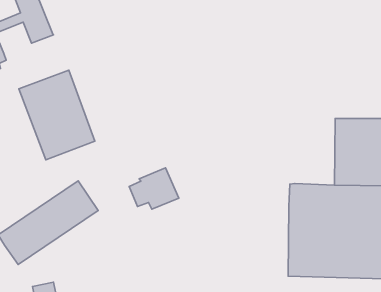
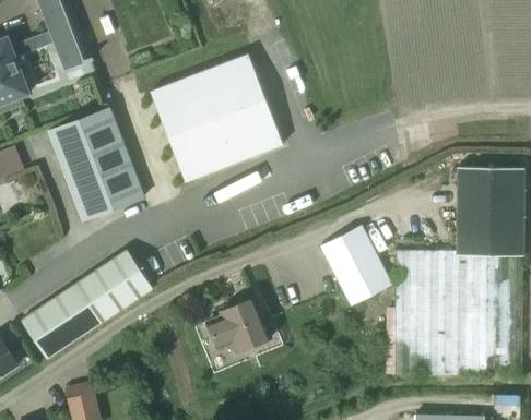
building: none -> [150,55,282,181]
building: none -> [321,226,390,304]
building: [129,168,179,209] -> [205,297,270,350]

